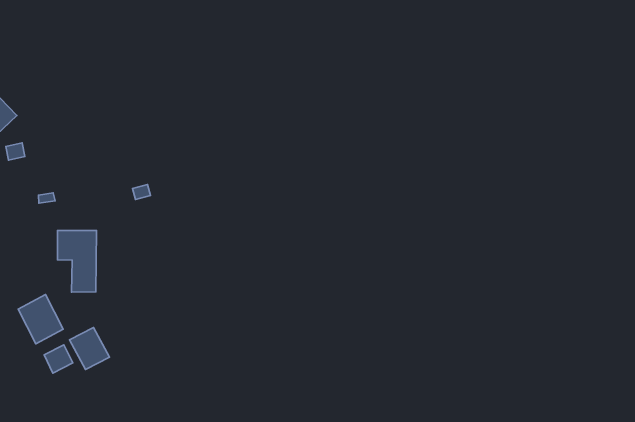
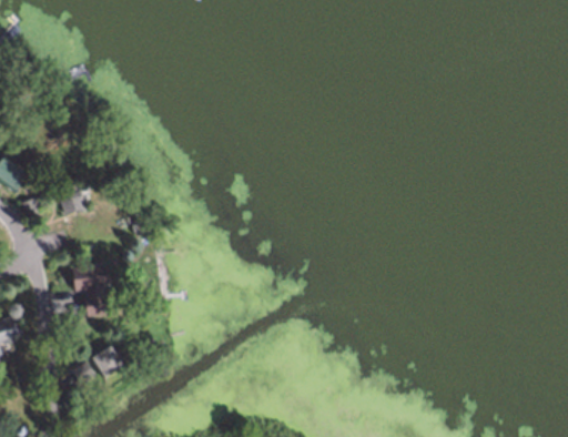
building: none -> [45,182,88,217]
building: [18,295,63,344] -> none

